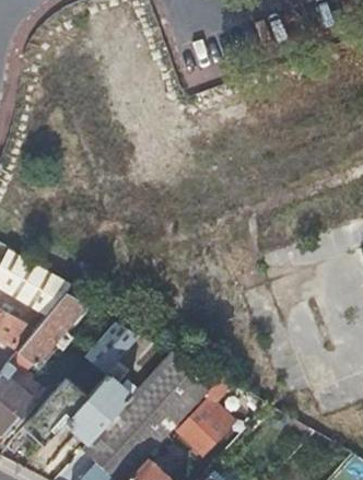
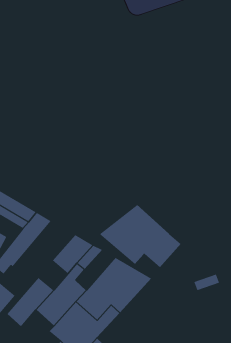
building: none -> [99,204,182,268]
building: [178,406,234,453] -> none

